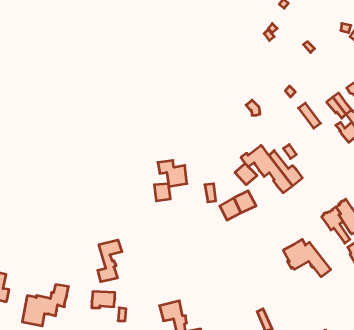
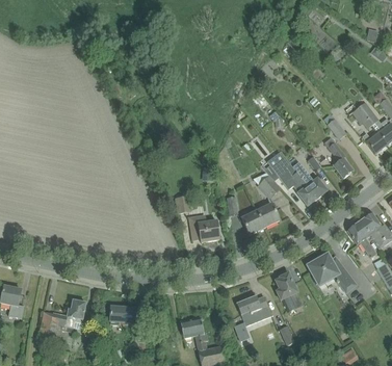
building: none -> [324,136,354,177]
building: [158,160,187,187] -> [189,214,219,241]
building: [98,240,122,282] -> none
building: none -> [276,272,297,311]
building: none -> [237,295,271,321]

